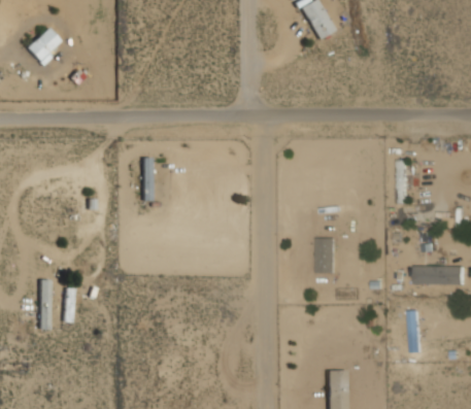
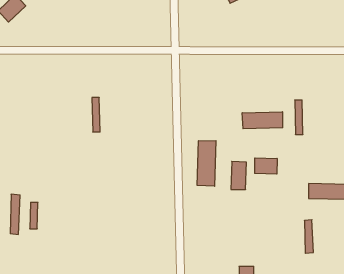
building: none -> [242,112,283,129]
building: none -> [197,141,216,186]
building: none -> [255,158,277,174]

